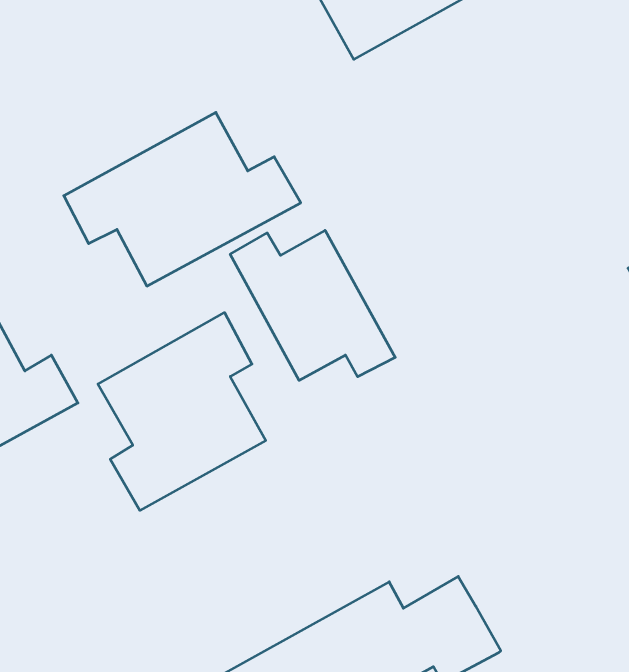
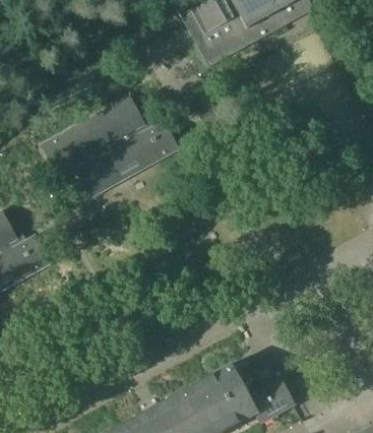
building: [230,230,395,380] -> none
building: [98,313,266,510] -> none

